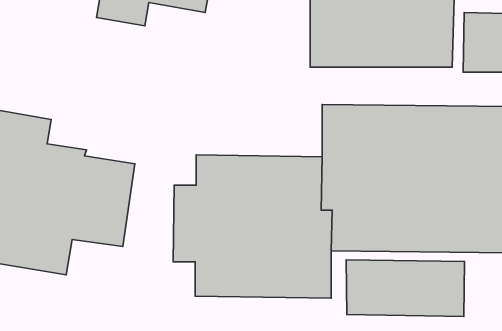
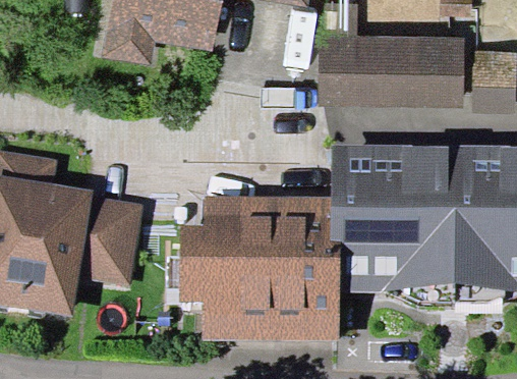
building: [346,260,464,316] -> none

